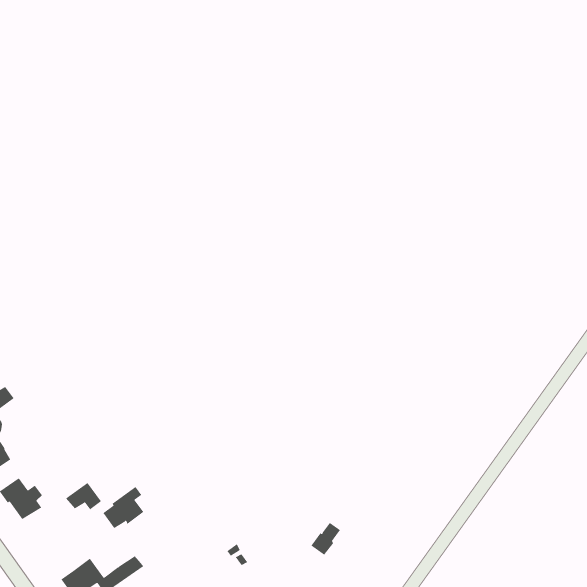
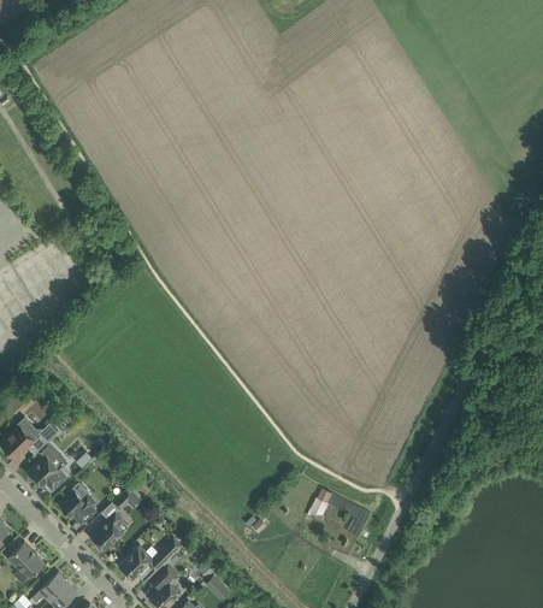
building: [102,486,144,529] -> [93,512,125,548]

